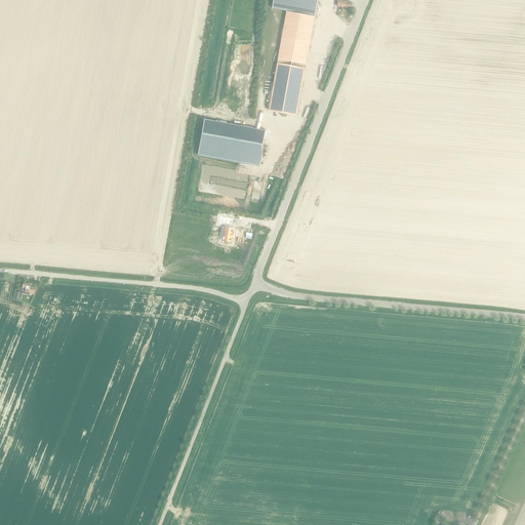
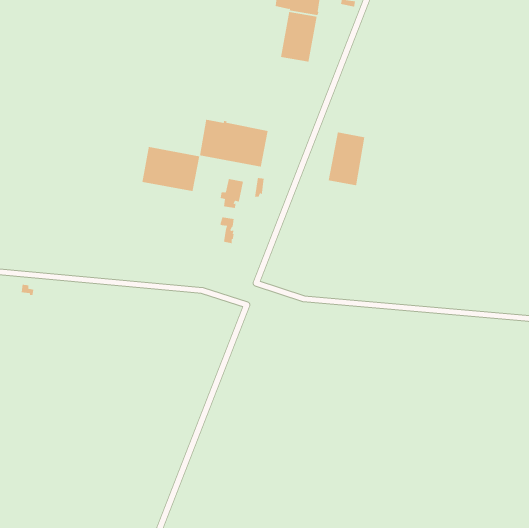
building: [268,59,305,113] -> [328,132,365,186]
building: none -> [142,146,200,192]

